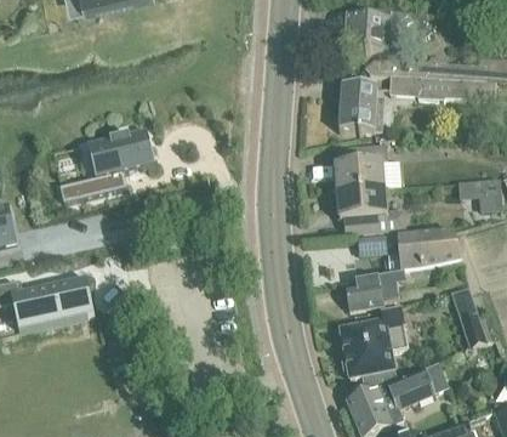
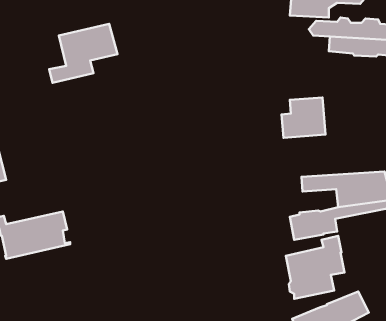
building: [337,85,382,135] -> none
building: [75,130,154,198] -> [49,24,118,83]
building: [336,189,406,234] -> none

